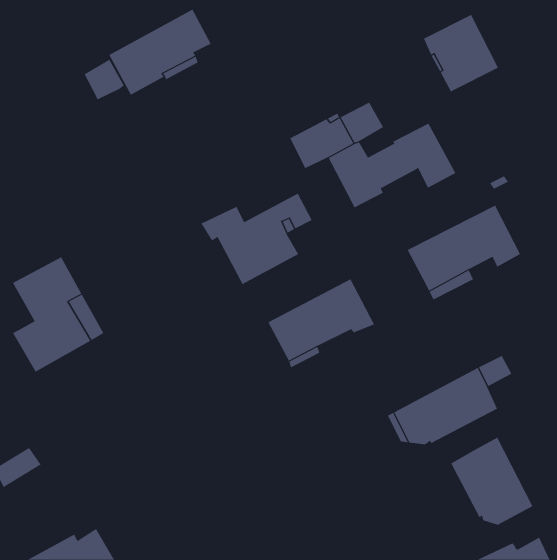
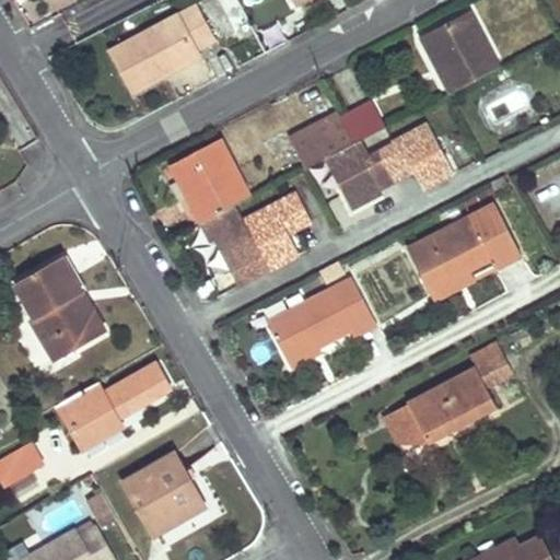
building: [84,59,124,100] -> none
building: none -> [170,140,248,223]
building: none -> [59,366,166,450]
building: [451,437,533,525] -> none
building: none -> [125,450,209,536]

